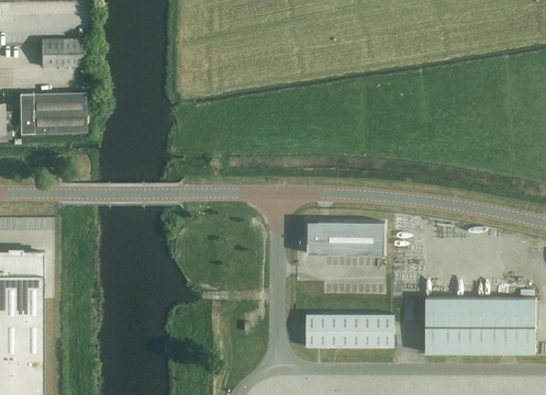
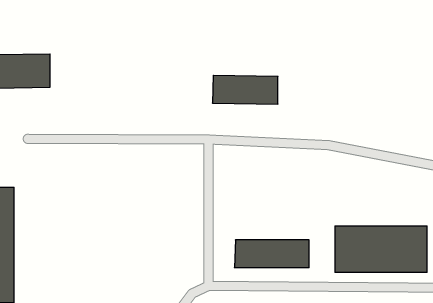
building: [41,40,83,68] -> none
building: [305,222,383,256] -> [212,75,278,104]

